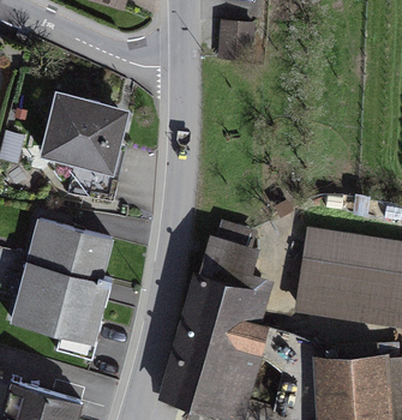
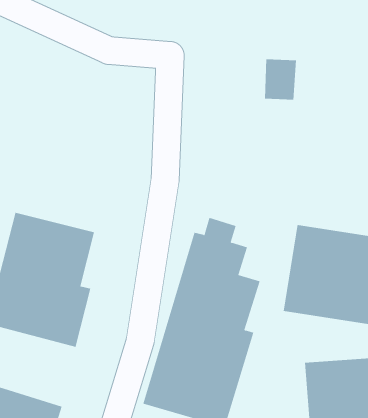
building: [221,19,252,59] -> [264,59,297,100]
building: [40,94,127,200] -> none

